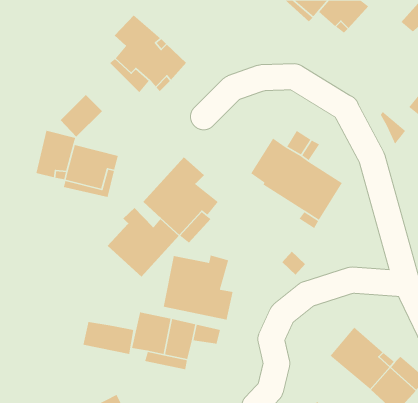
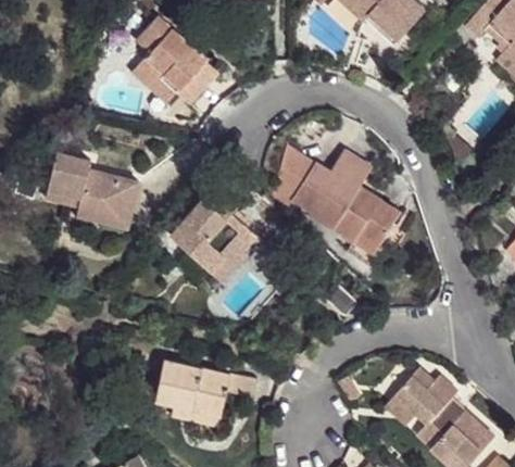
building: [60,94,103,137] -> none
building: none -> [275,141,318,203]
building: [107,207,179,277] -> none
building: [163,255,233,321] -> none
building: [83,321,134,355] -> none

